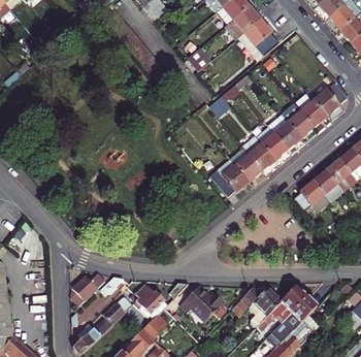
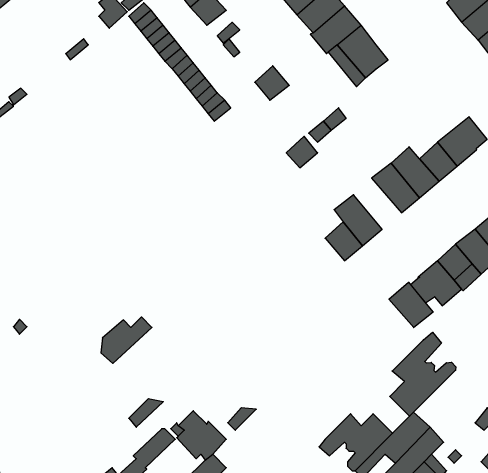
building: [255,124,288,159] -> none
building: [209,159,249,197] -> none
building: none -> [389,282,433,328]
building: none -> [390,332,456,416]
building: [70,272,105,304] -> [101,317,152,363]
building: [179,285,223,321] -> none

